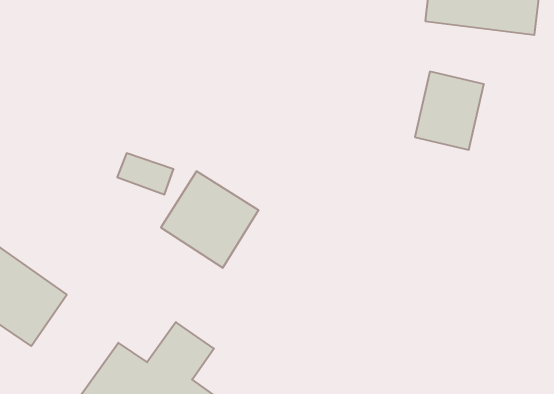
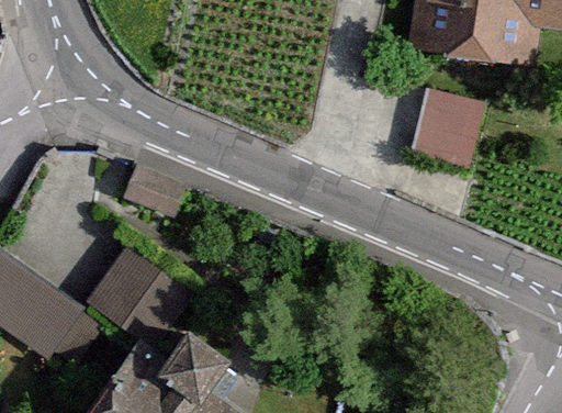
building: [161,171,259,268] -> [95,249,189,342]

